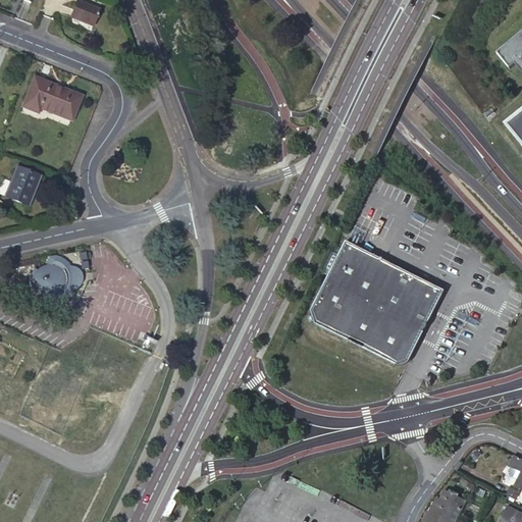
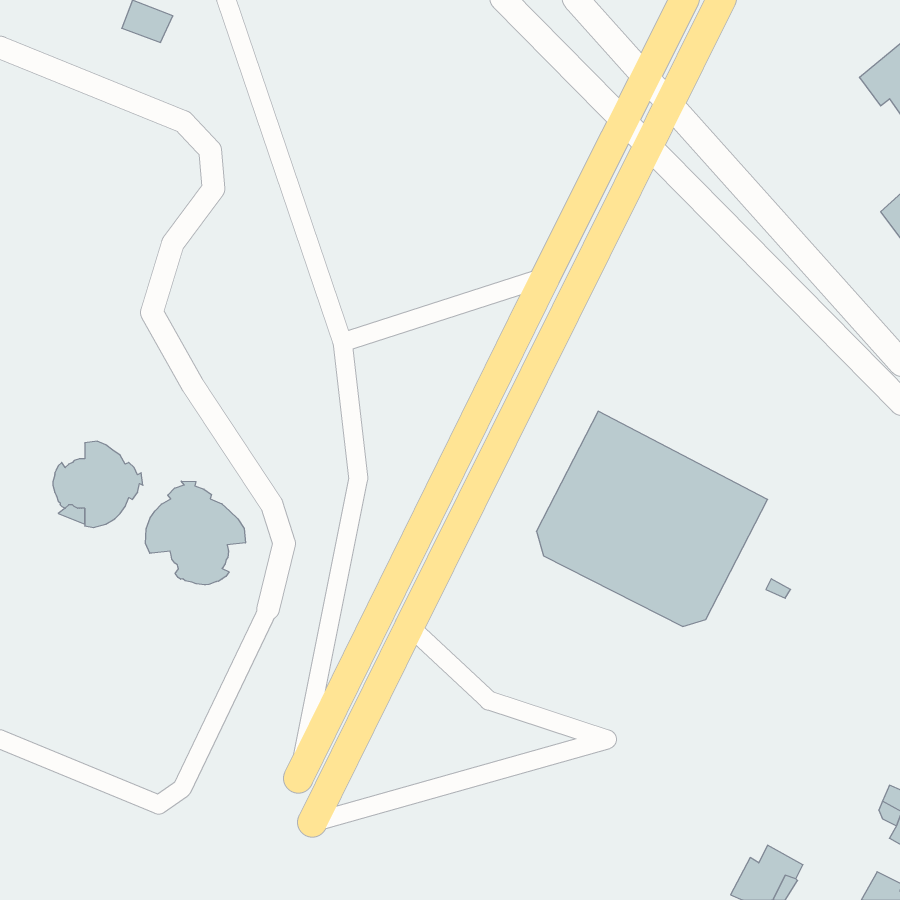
building: [25,77,82,118] -> none
building: [6,166,41,204] -> none
building: none -> [145,481,245,585]

